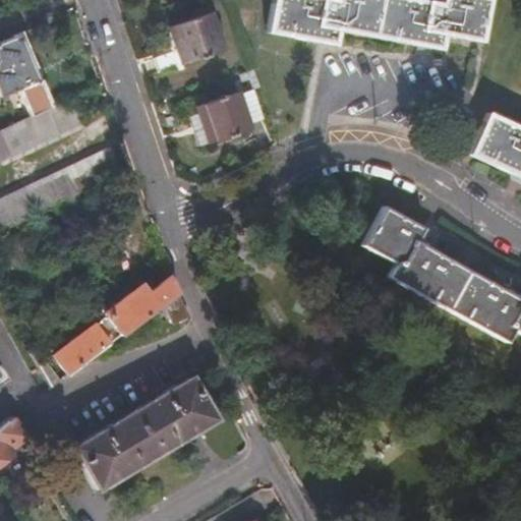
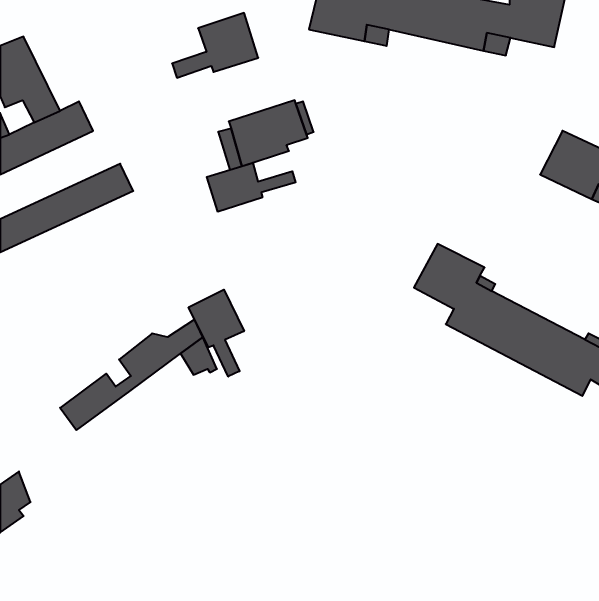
building: none -> [207,163,296,212]
building: none -> [189,290,244,377]
building: [74,373,226,487] -> none

